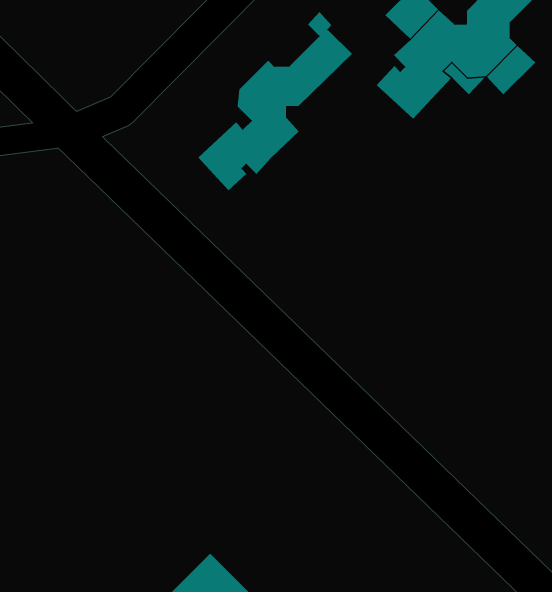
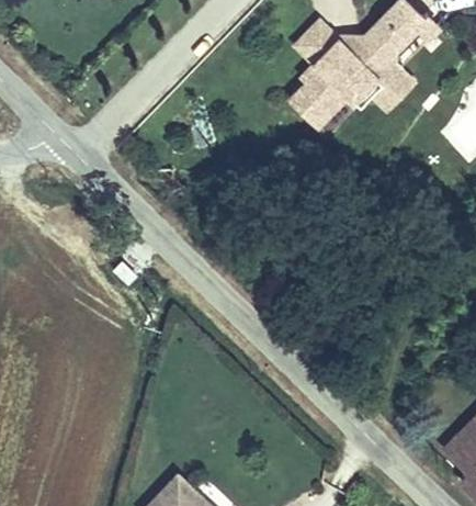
building: [197,11,353,191] -> none

